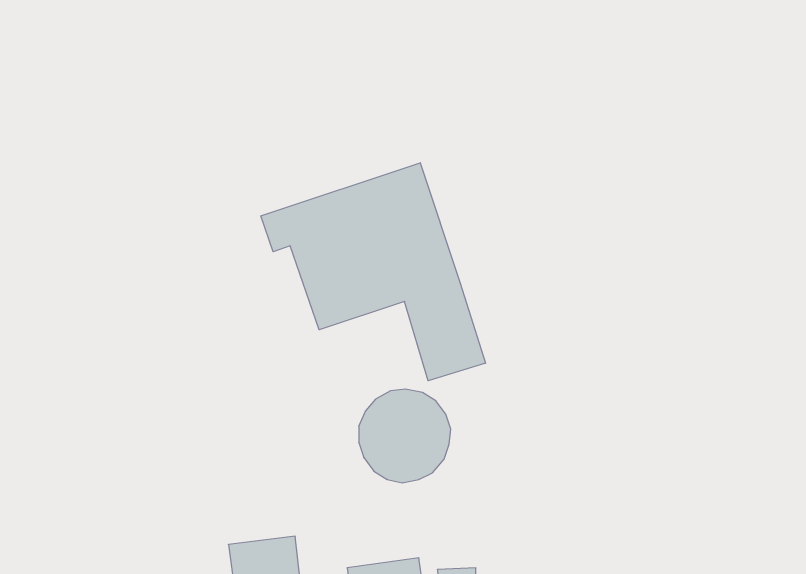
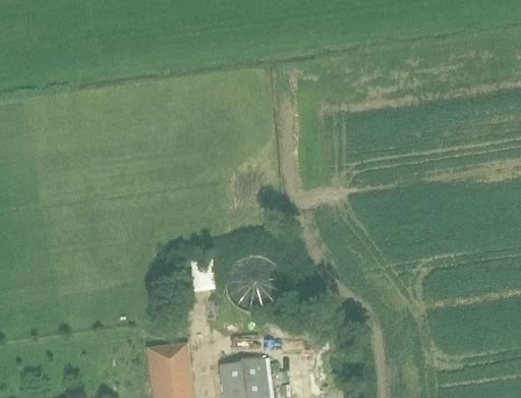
building: [261,163,486,381] -> none

